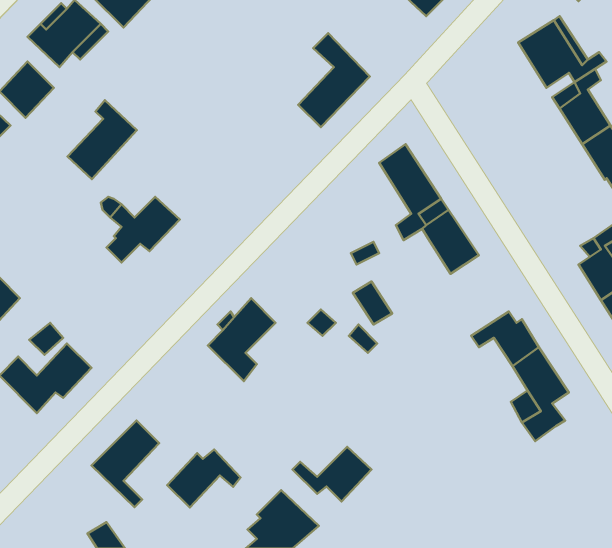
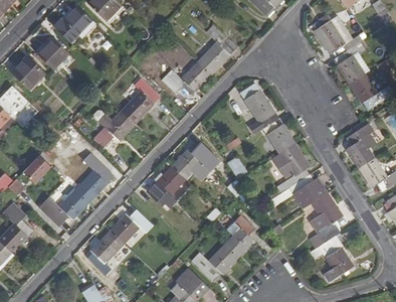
building: [67,100,137,179] -> [121,81,158,123]
building: none -> [166,61,209,93]
building: none -> [172,142,213,178]
building: none -> [270,142,310,191]
building: none -> [73,158,106,202]
building: none -> [223,216,251,257]
building: none -> [318,234,353,282]
building: [167,449,241,508] -> [111,211,150,243]

